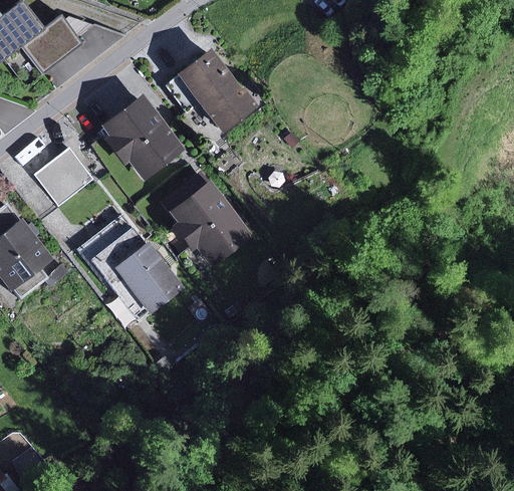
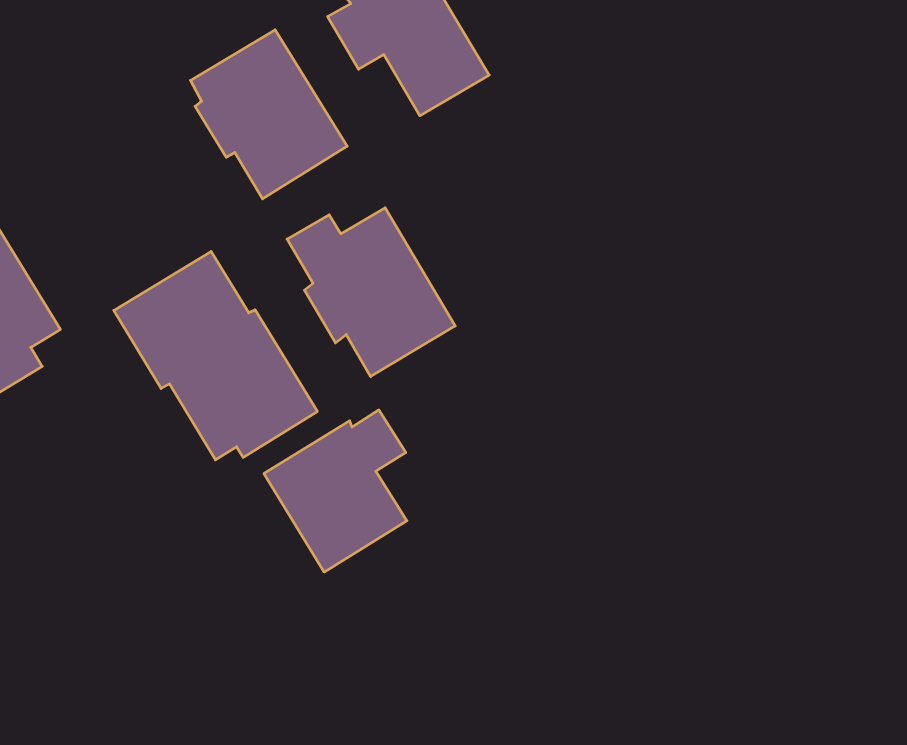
building: [31,150,89,207] -> none
building: none -> [264,410,407,572]

